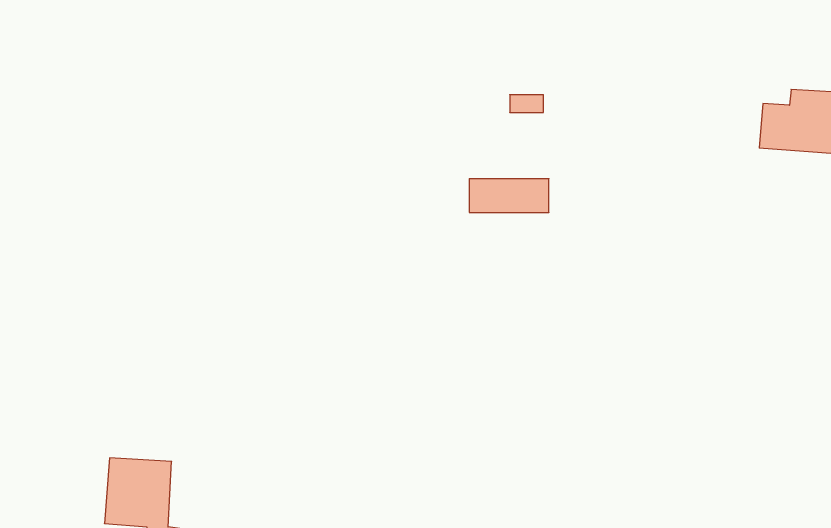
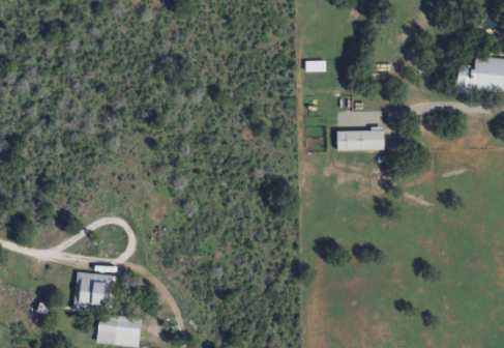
building: [469,179,549,212] -> [343,129,389,149]

